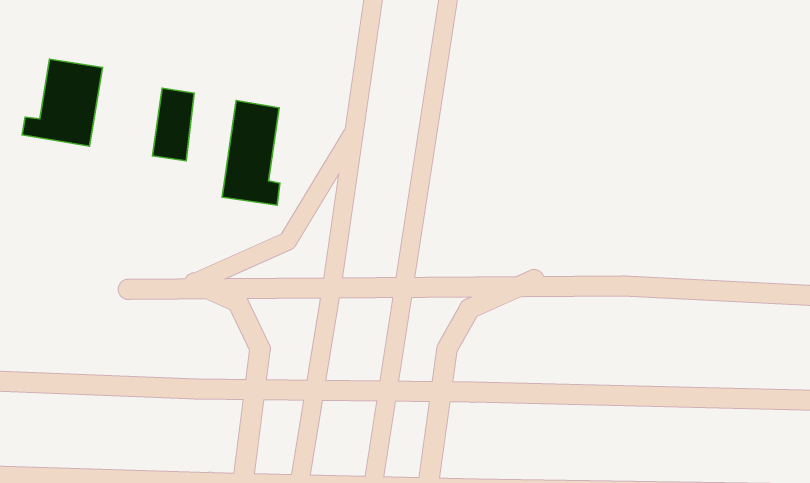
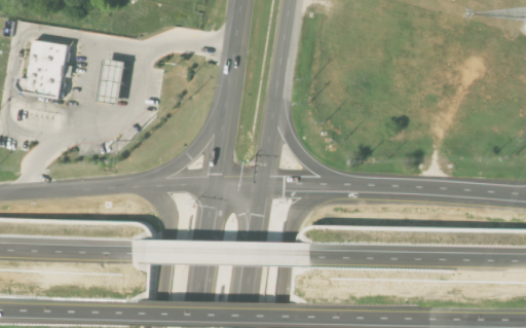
building: [222,101,280,205] -> none

